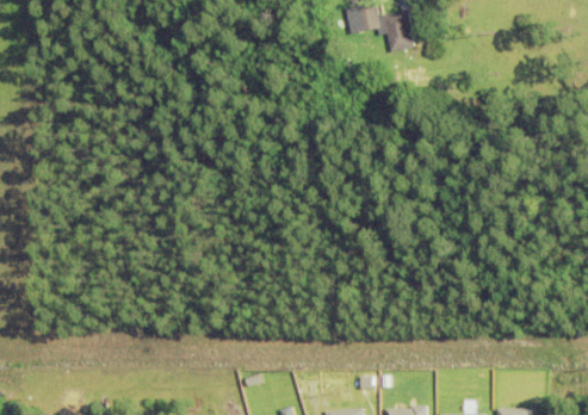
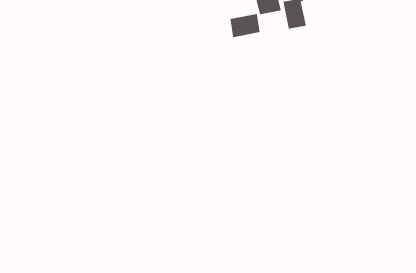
building: none -> [230,13,261,38]

